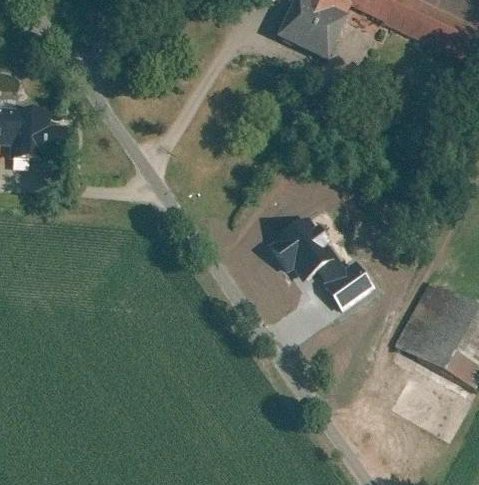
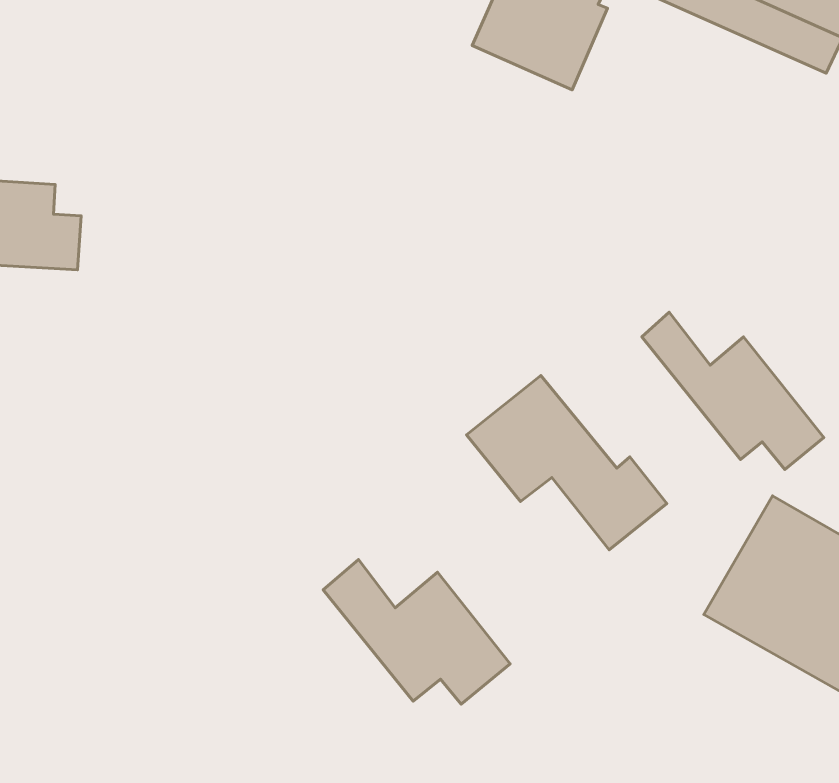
building: none -> [642,312,824,470]
building: none -> [323,560,510,704]

